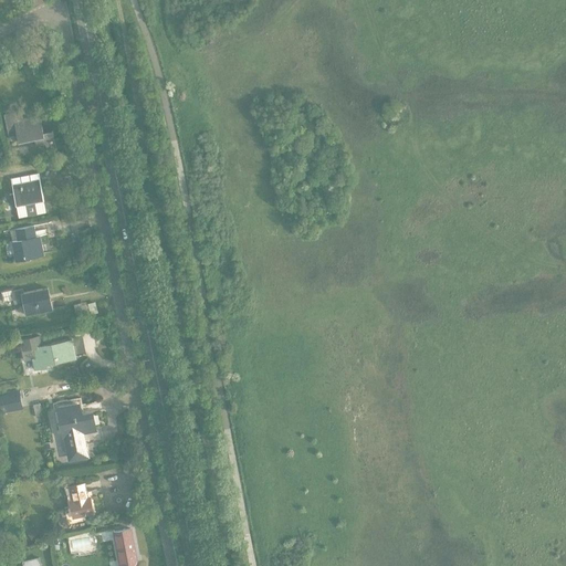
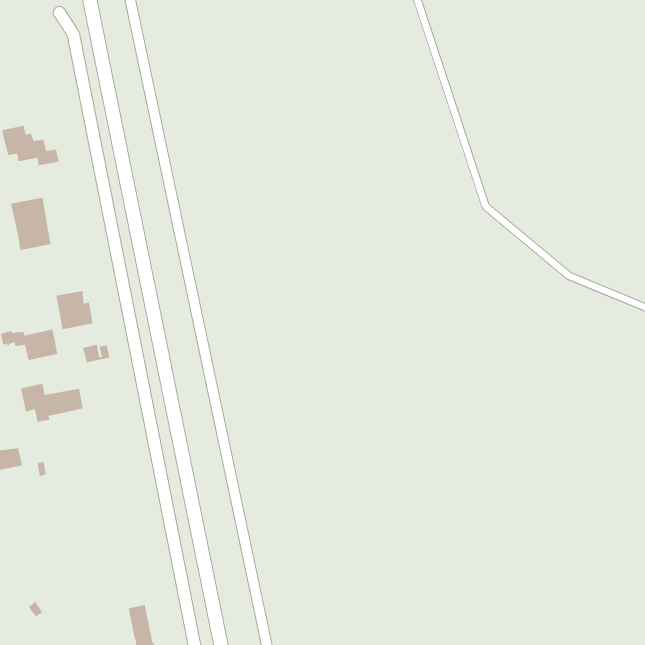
building: [9,227,42,261] -> [55,290,93,330]
building: [52,399,94,459] -> none
building: [69,483,91,517] -> none

